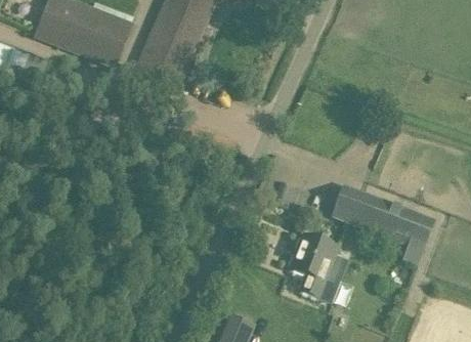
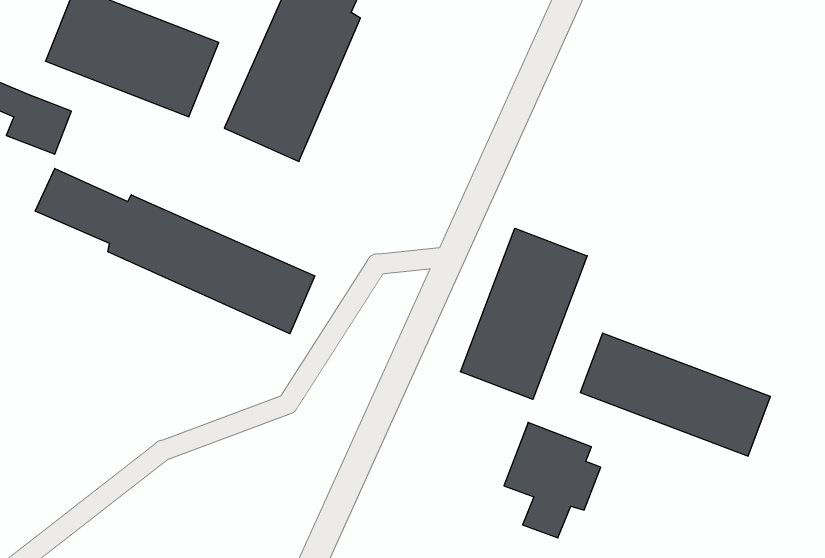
building: none -> [35,168,315,334]
building: none -> [461,228,587,399]

